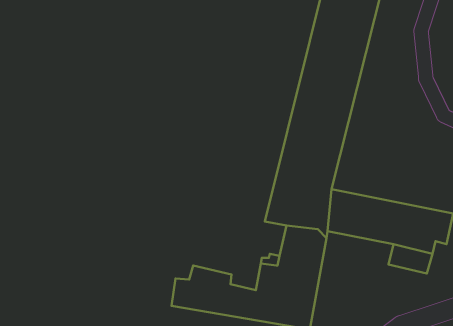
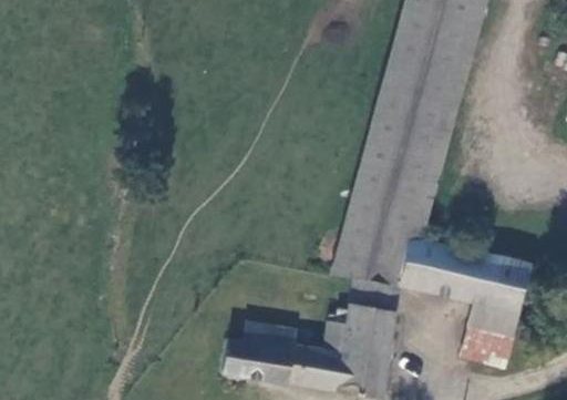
building: none -> [465,326,515,363]

